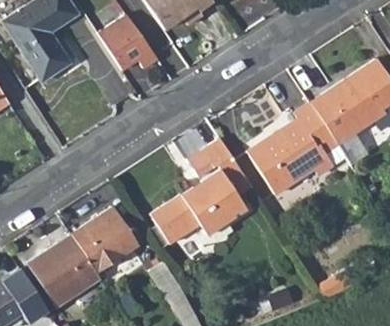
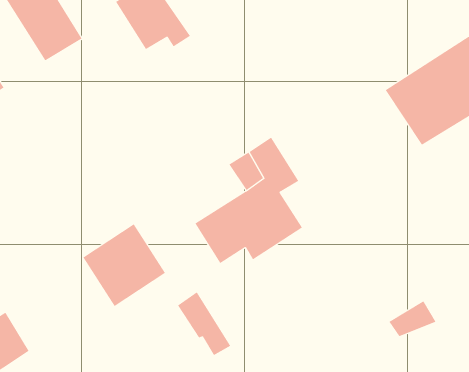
building: [247,102,340,197] -> none
building: [28,235,100,307] -> none

